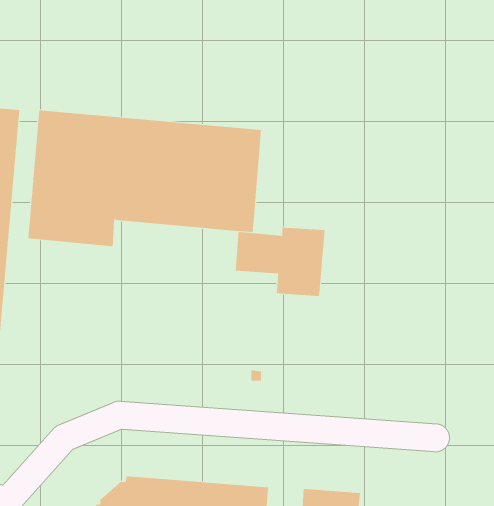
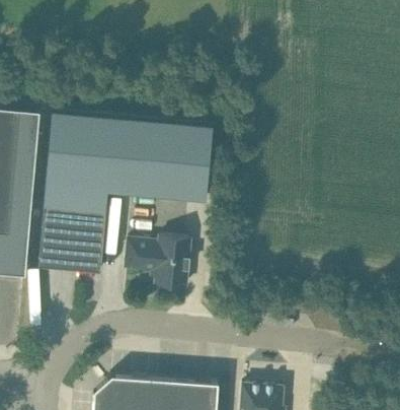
building: [235,227,325,296] -> [126,238,190,288]
building: none -> [38,206,106,274]

